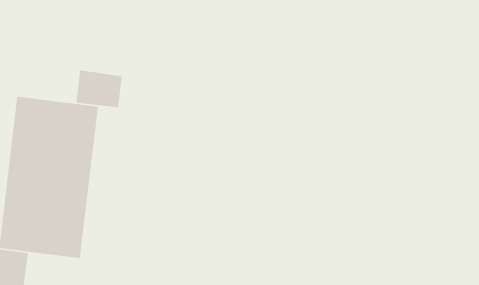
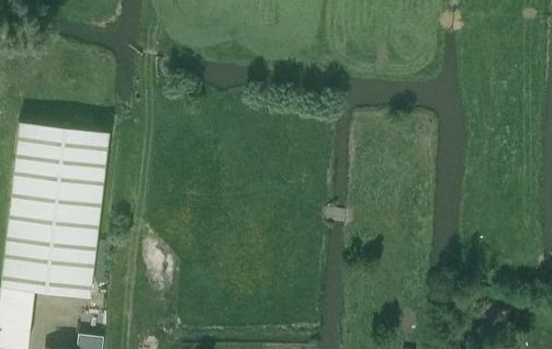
building: [75,69,122,108] -> none

